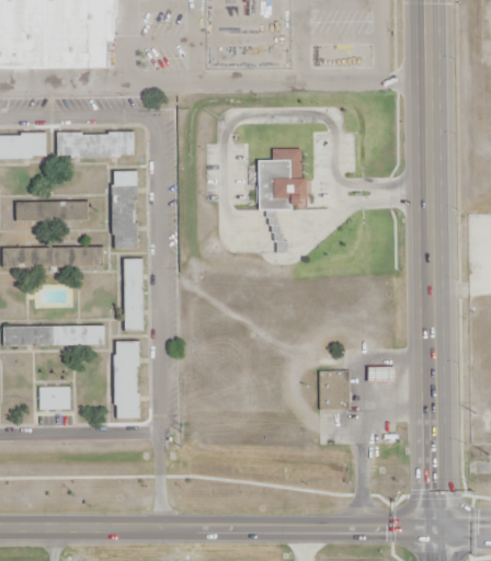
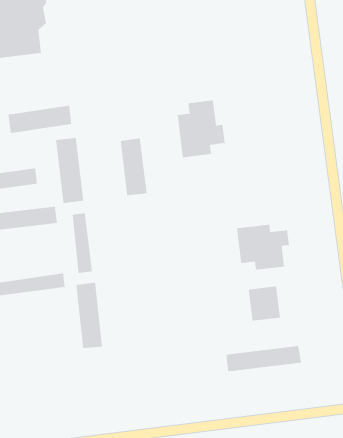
building: none -> [120,137,147,196]
building: none -> [236,224,290,271]
building: [35,389,66,408] -> none
building: none -> [226,345,302,372]

